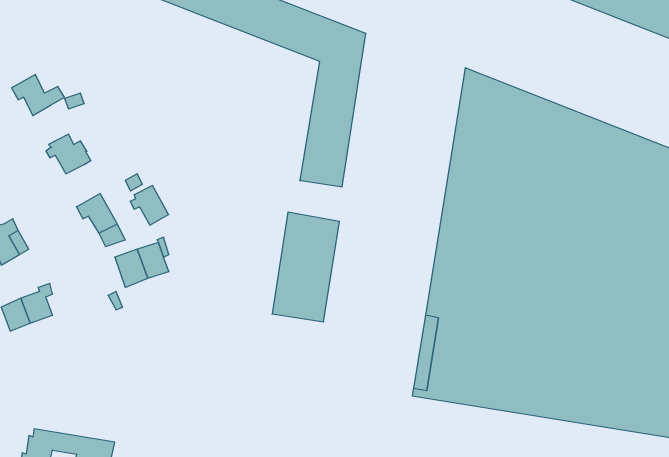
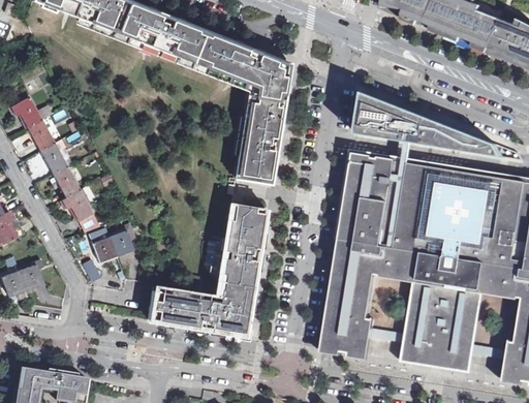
building: none -> [27,119,55,150]
building: [130,186,169,225] -> [50,165,80,196]
building: none -> [147,282,254,335]

